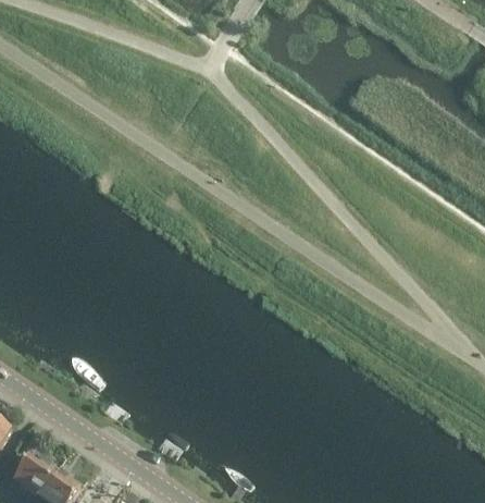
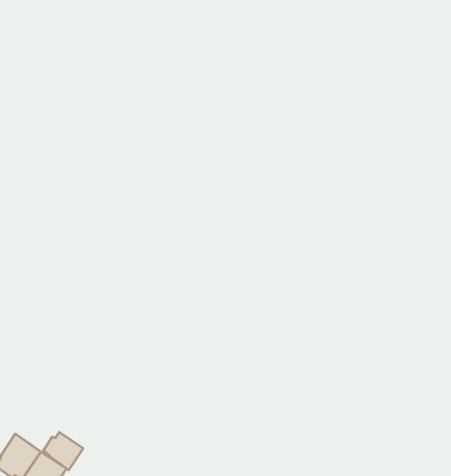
building: none -> [43,432,83,470]

